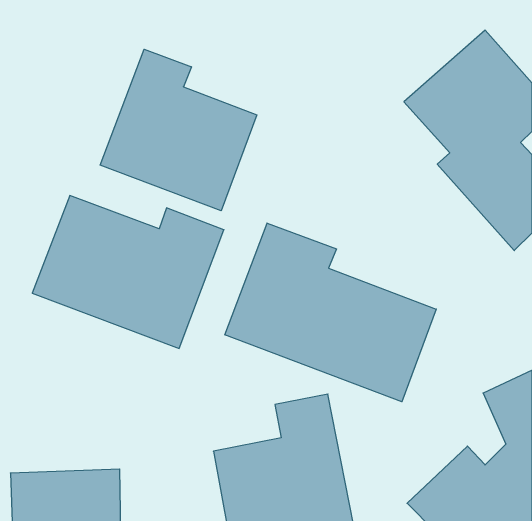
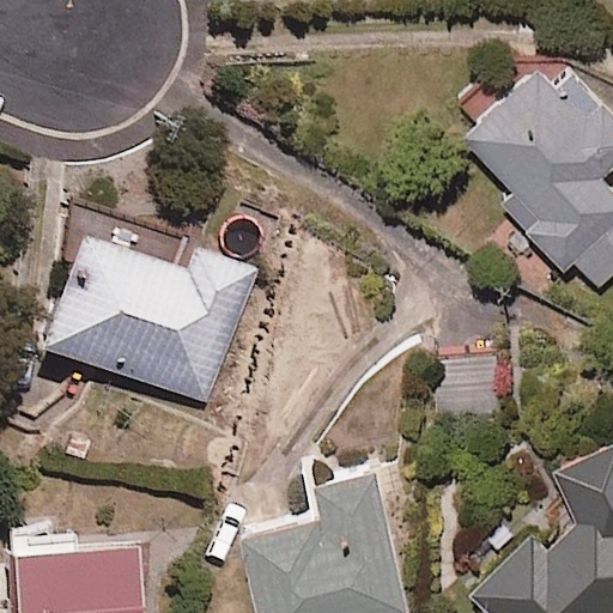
building: [100,49,257,211] -> none
building: [225,223,436,402] -> none

